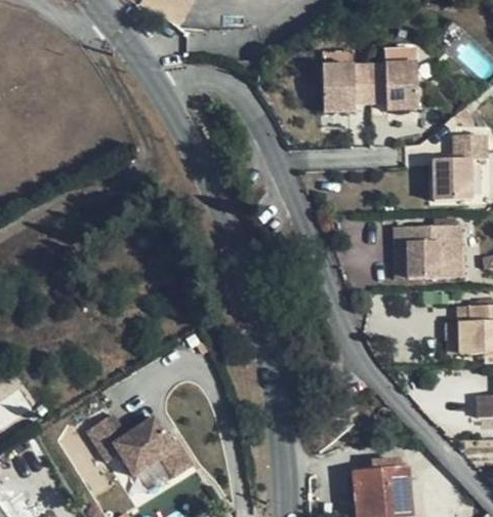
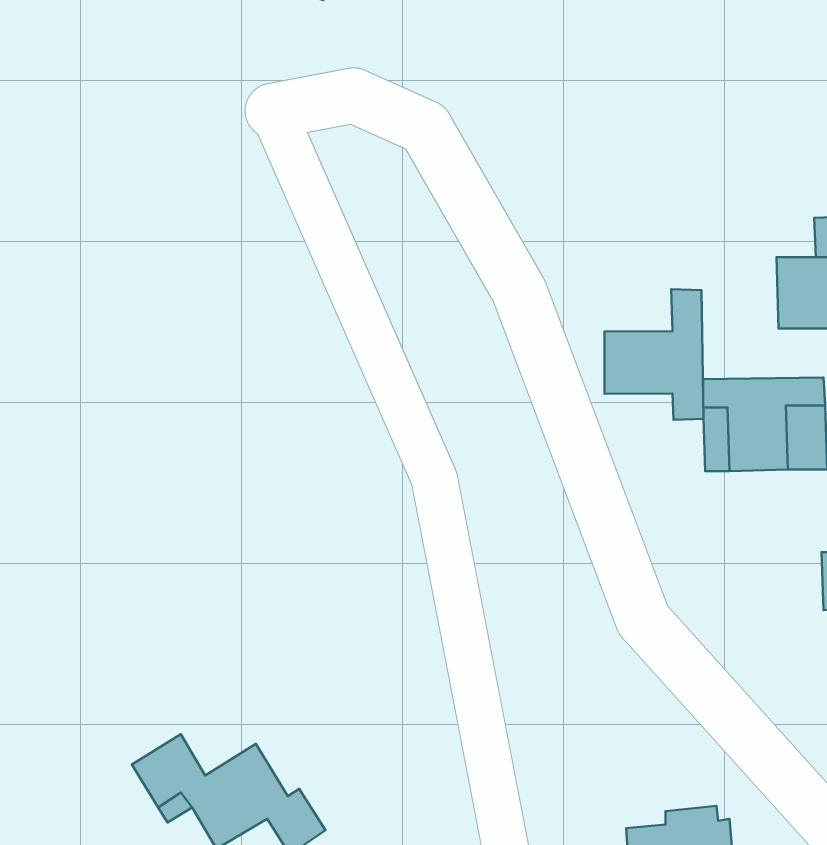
building: [323,62,419,111] -> none
building: none -> [605,289,703,420]

